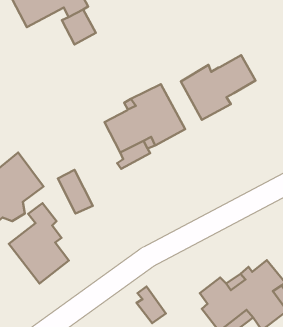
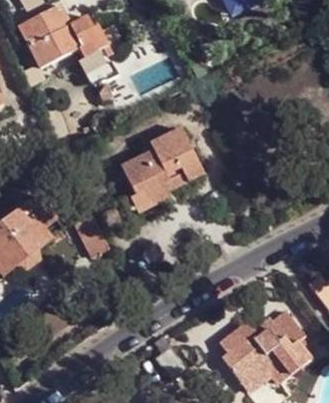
building: [181,55,256,120] -> none
building: [9,203,69,283] -> none

